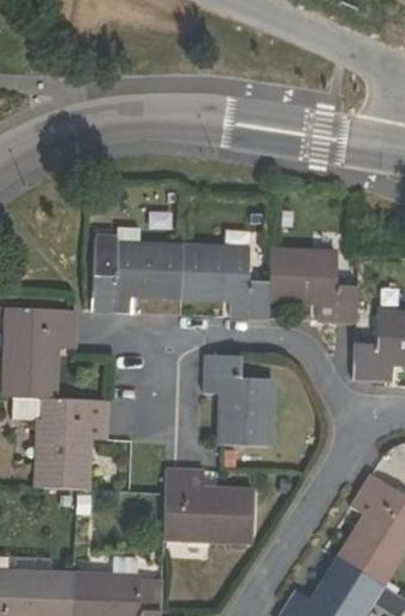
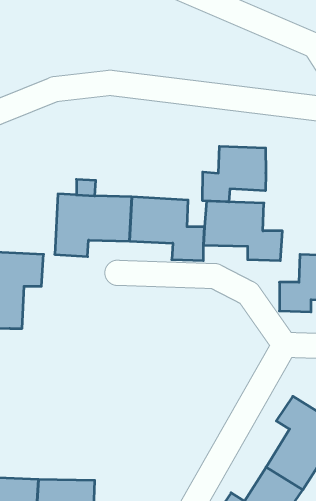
building: none -> [203,146,266,202]
building: [204,354,272,444] -> none
building: [35,398,108,492] -> none
building: [165,470,252,541] -> none

